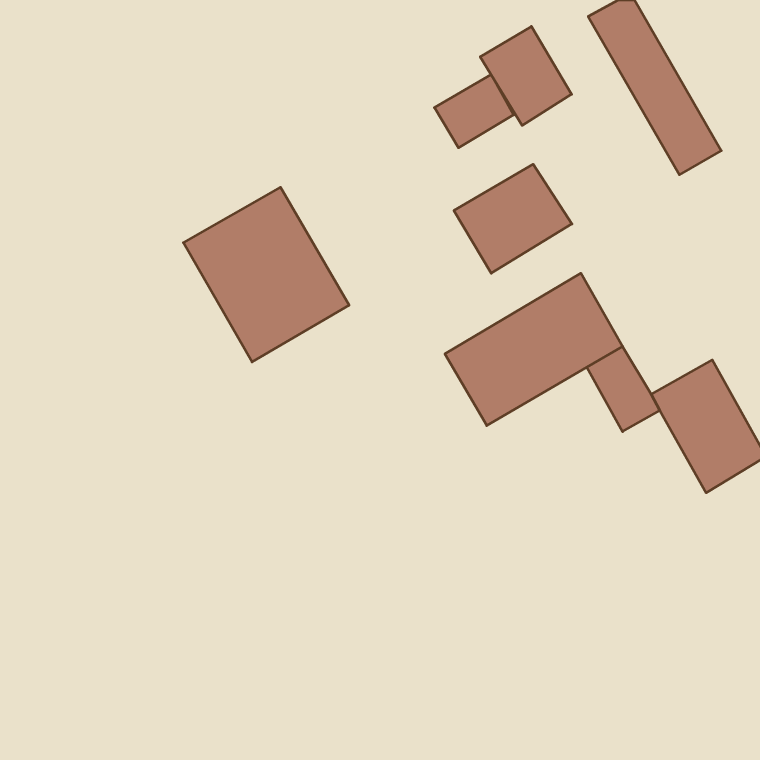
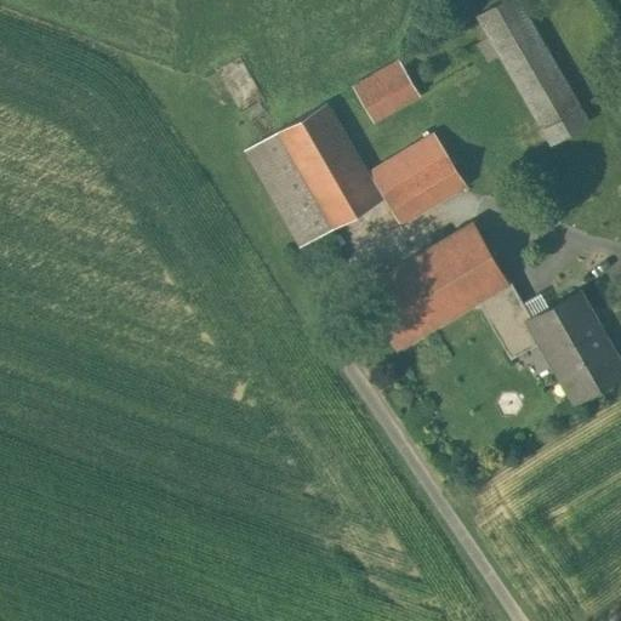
building: [480,26,572,125] -> none
building: [183,187,349,362] -> [247,107,382,249]

